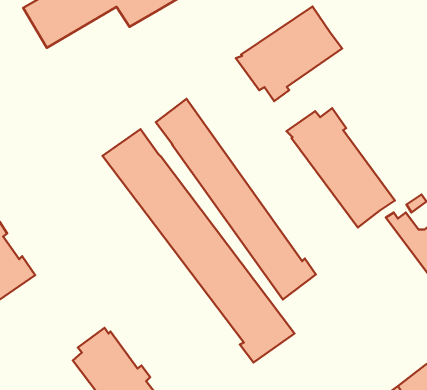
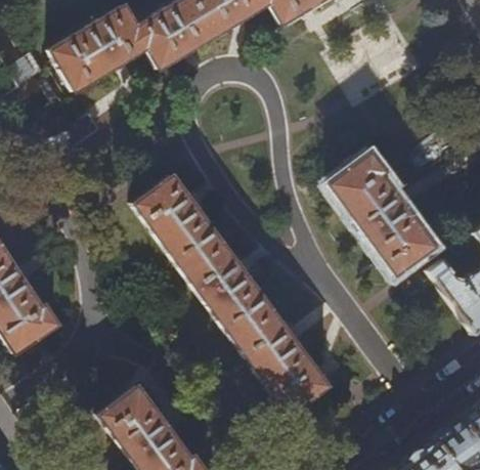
building: [236,7,342,101] -> none
building: [156,99,316,300] -> none

